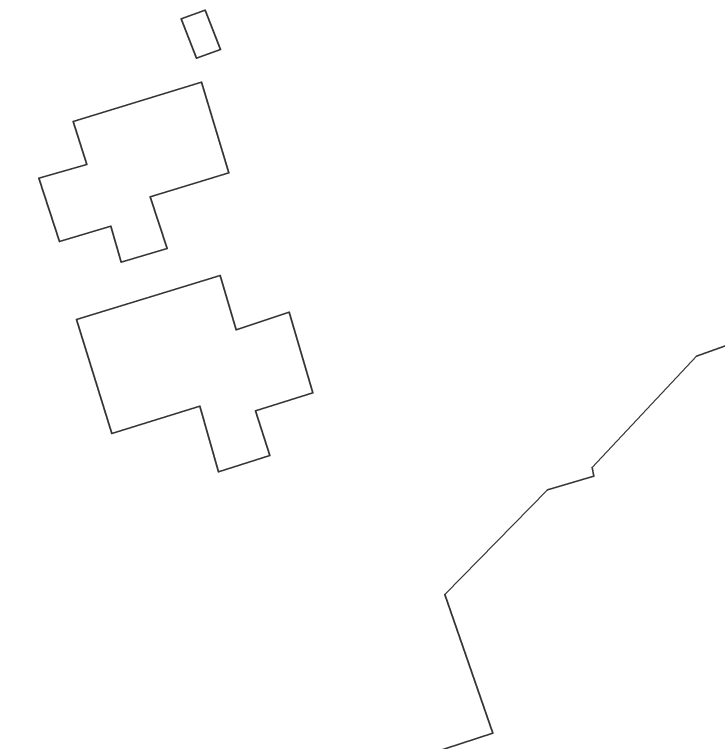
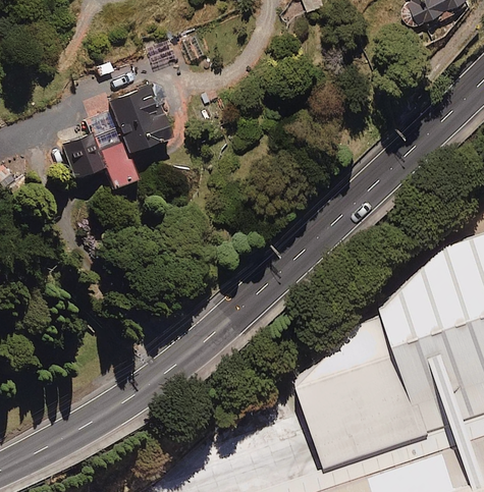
building: [76,275,313,472] -> none

